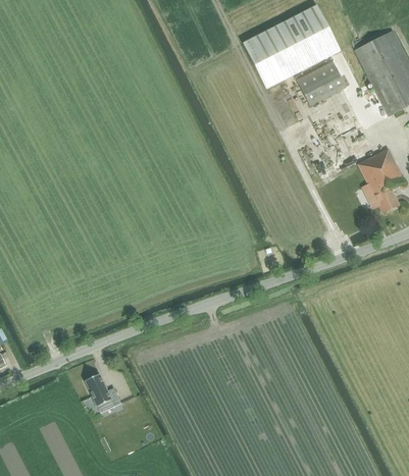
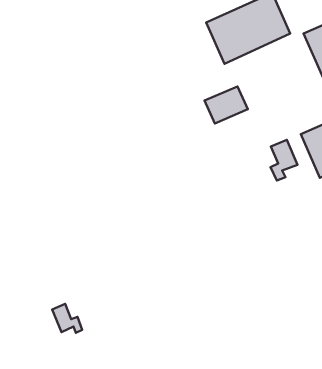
building: [296,61,346,105] -> [205,86,248,124]
building: none -> [270,140,298,180]

